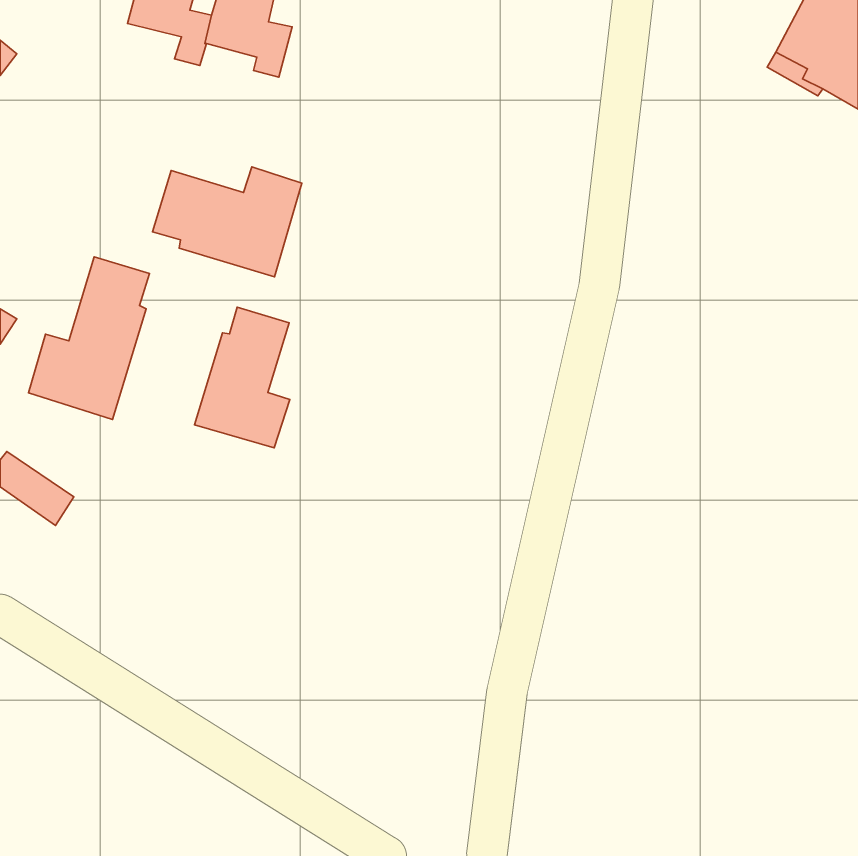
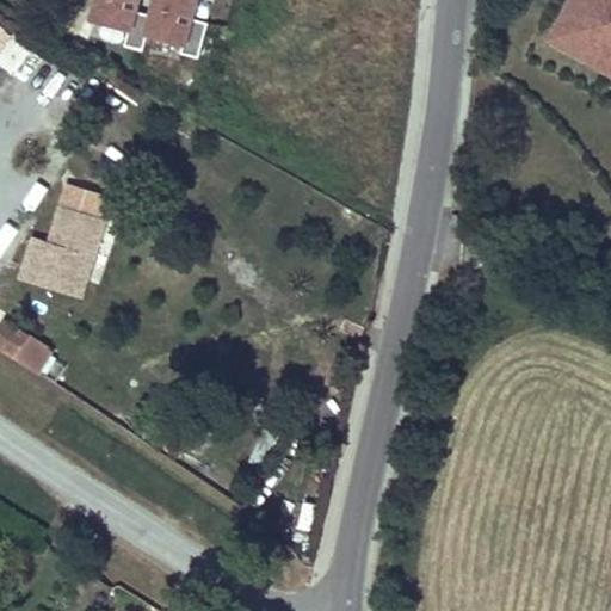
building: [153,167,302,277] -> none
building: [194,307,290,448] -> none

